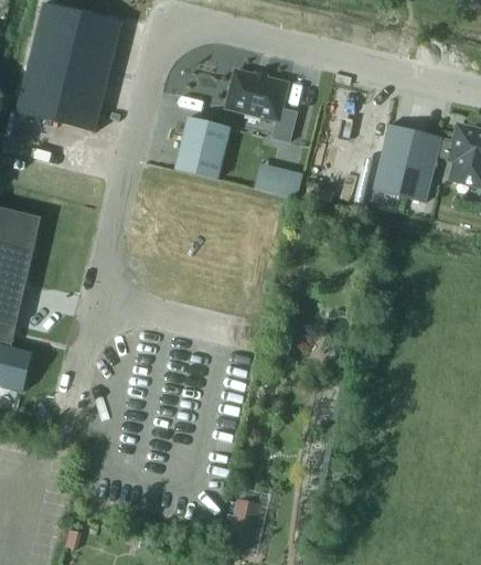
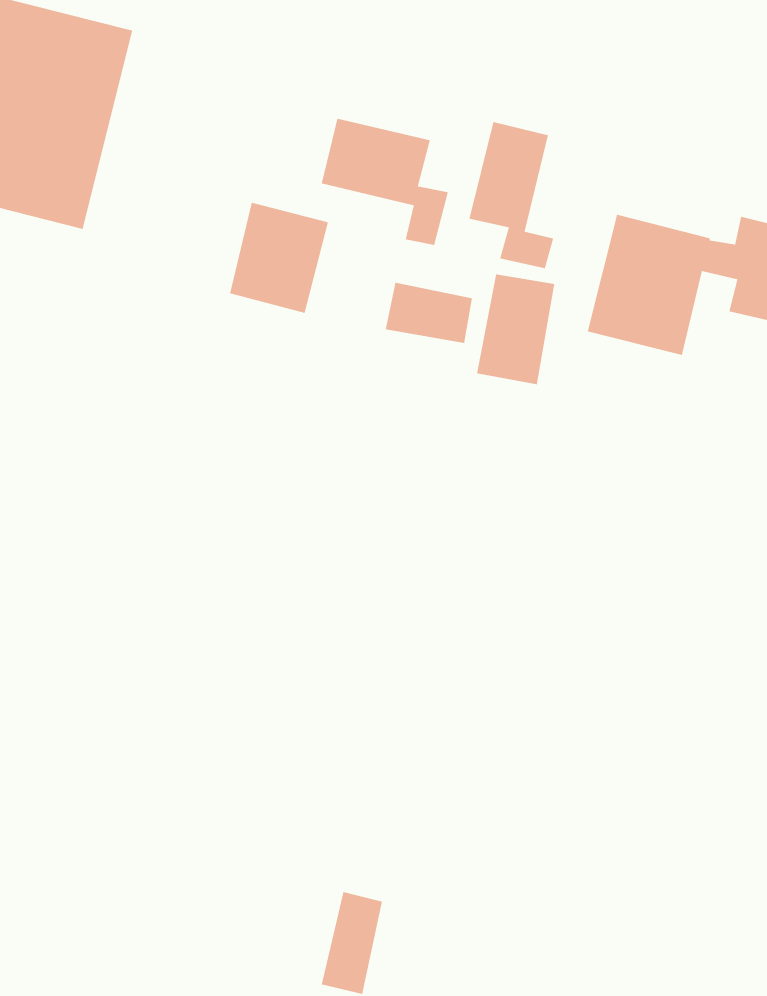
building: none -> [468,121,554,269]
building: none -> [476,273,555,385]

